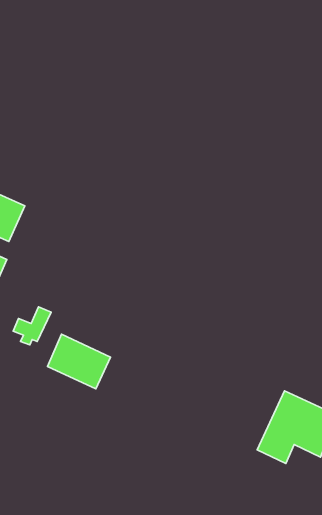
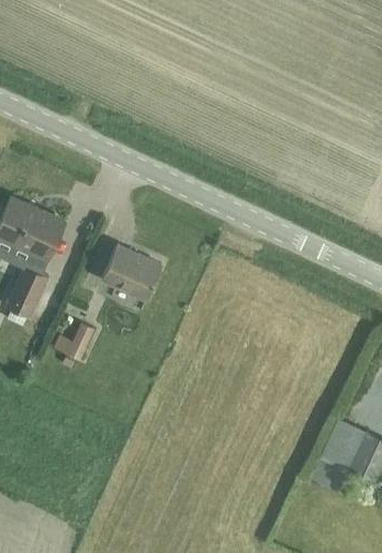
building: none -> [101,245,161,300]
building: [47,334,111,389] -> none

